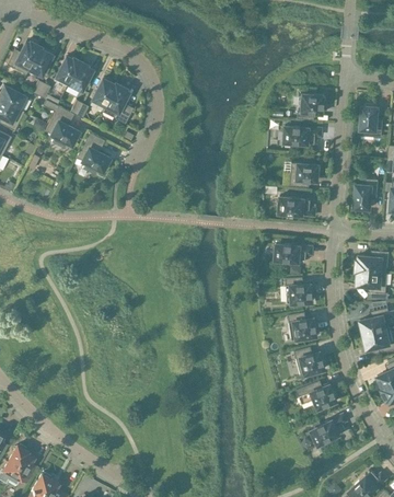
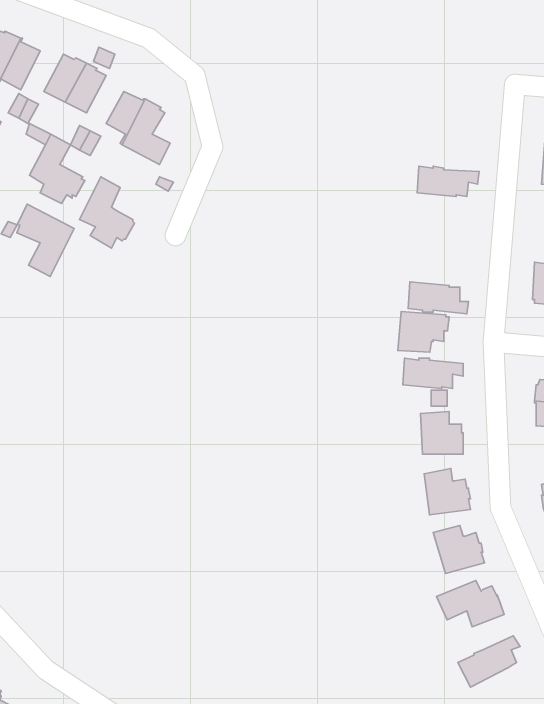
building: [297,94,324,120] -> none
building: none -> [17,204,74,276]
building: [289,163,321,188] -> [398,311,449,352]

